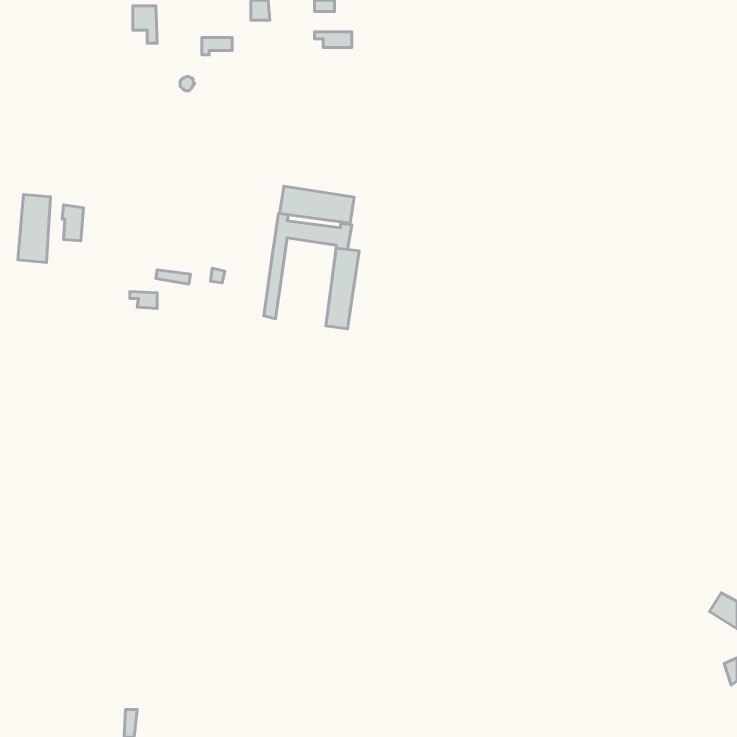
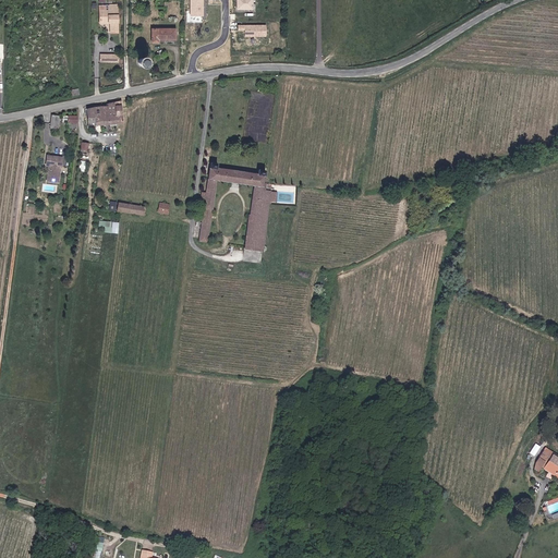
building: none -> [87,100,123,125]
building: [279,186,354,223] -> none
building: [18,194,51,263] -> none

